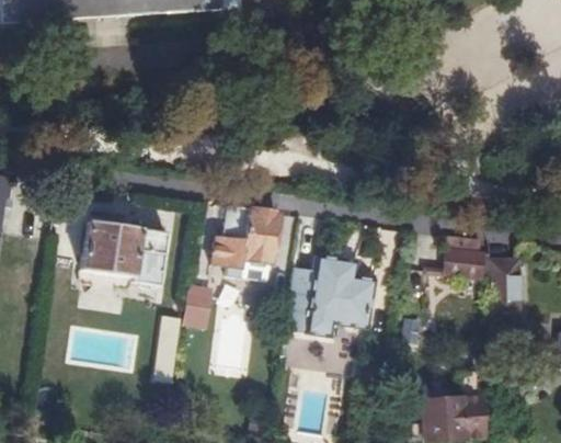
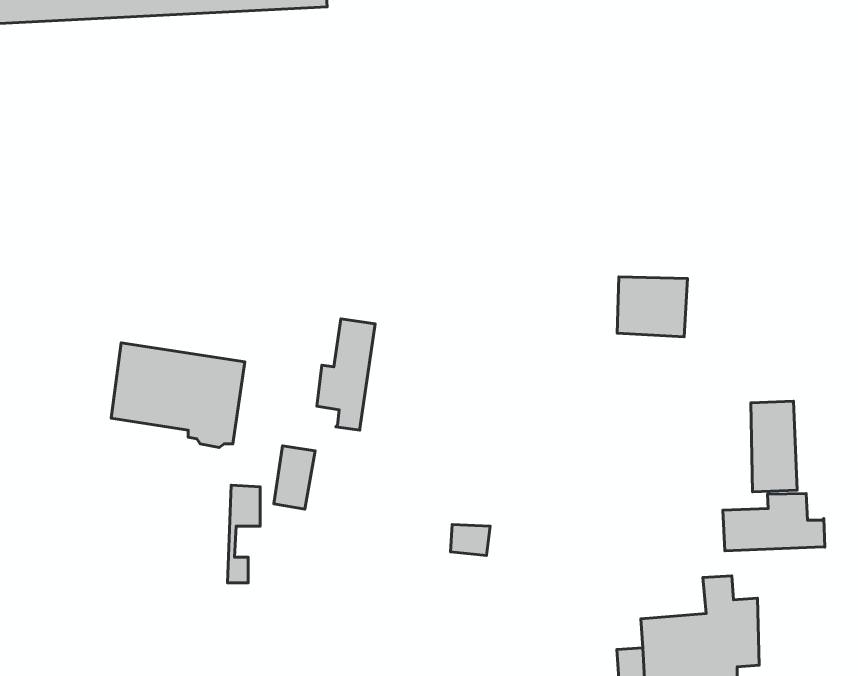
building: [241,211,278,282] -> none
building: [442,237,486,275] -> [617,277,688,337]
building: [288,250,377,331] -> none
building: none -> [723,494,825,551]

